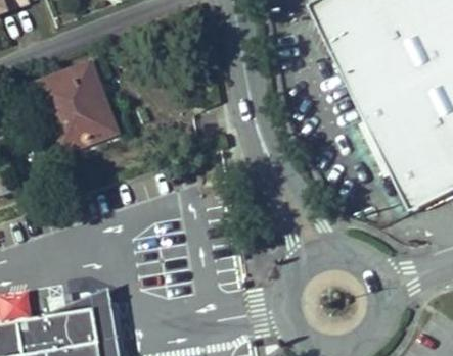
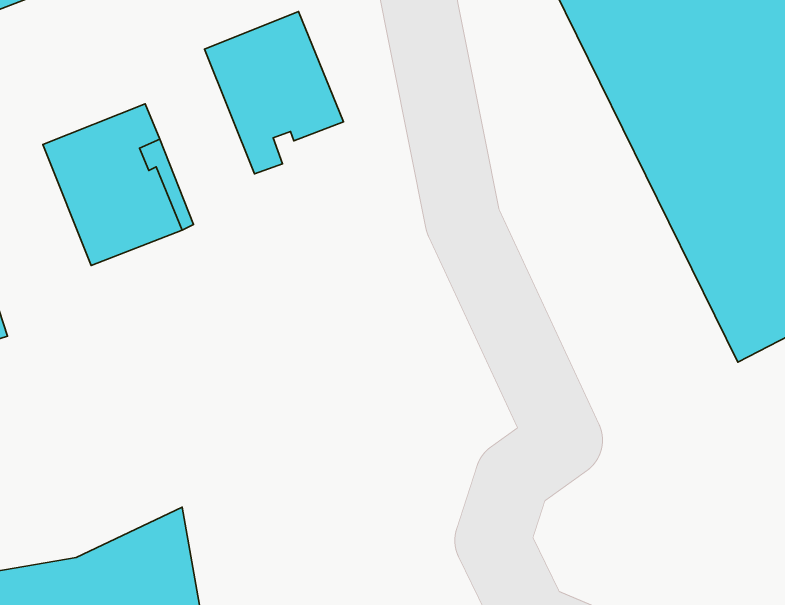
building: none -> [205,11,344,174]

